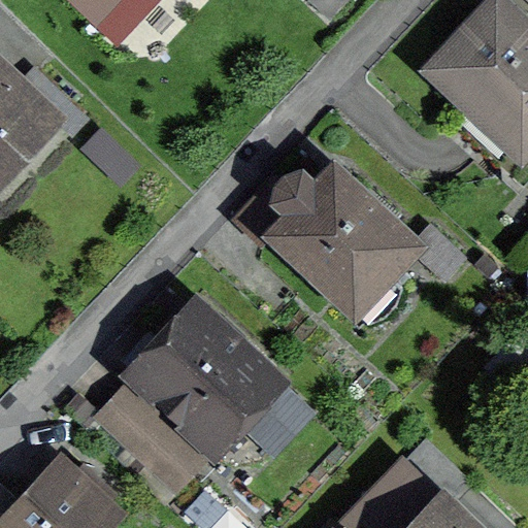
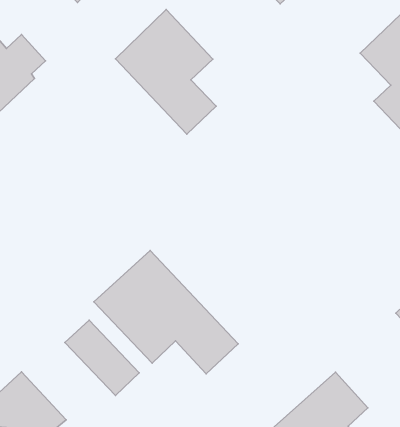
building: none -> [116,10,216,134]
building: [238,173,419,322] -> none

